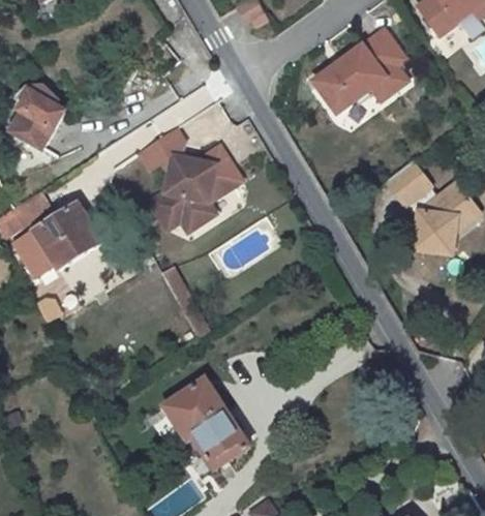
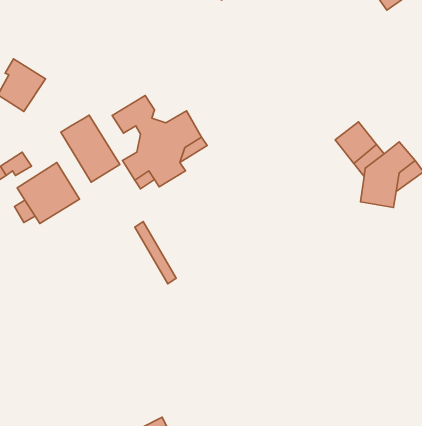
building: [312,29,406,114] -> none
building: none -> [61,115,120,182]
building: [163,378,249,469] -> none

